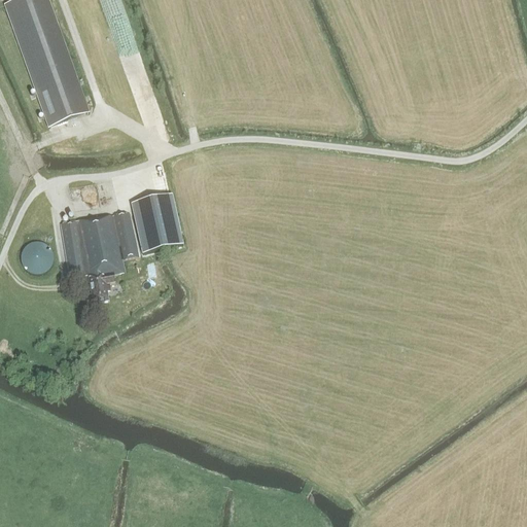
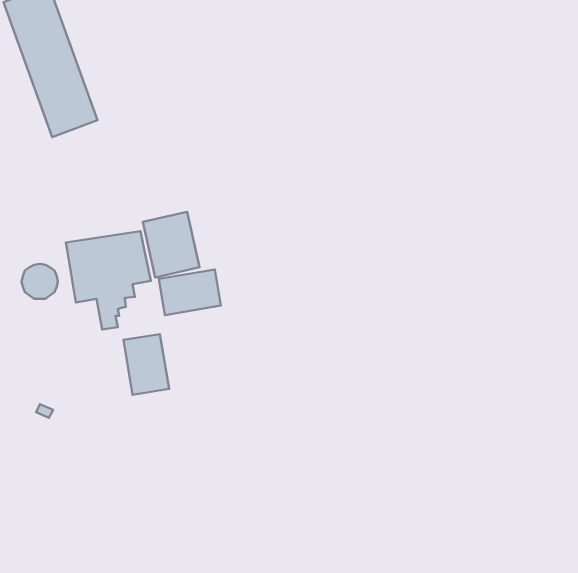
building: none -> [159,269,221,315]
building: none -> [123,334,169,395]

